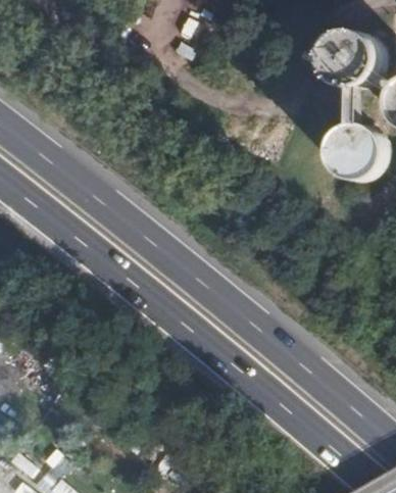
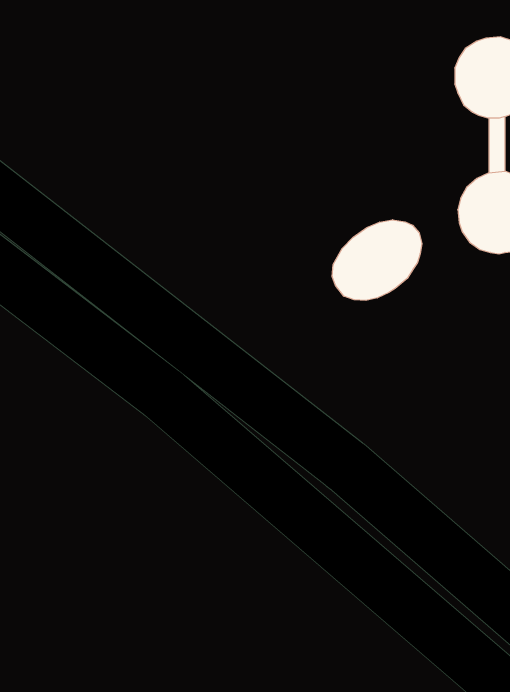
building: none -> [332,220,422,300]

